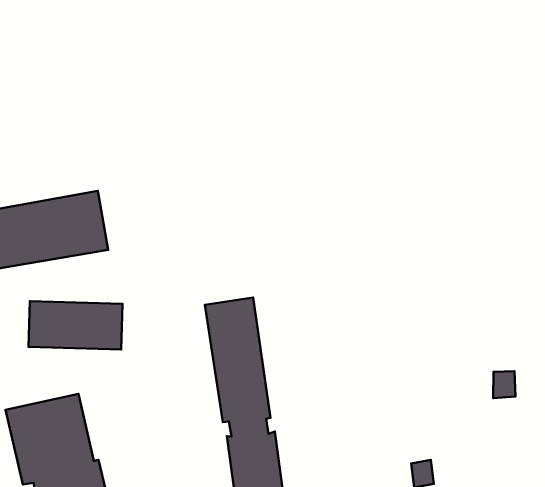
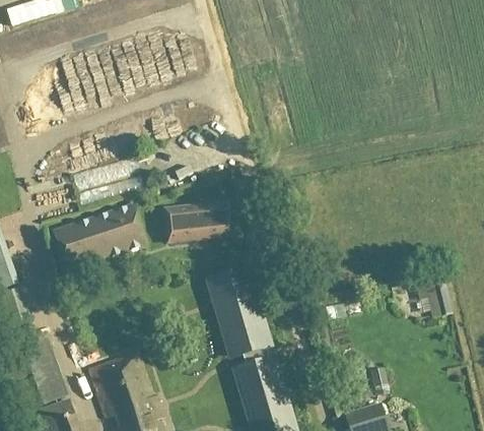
building: [28,301,123,350] -> [163,201,230,239]

